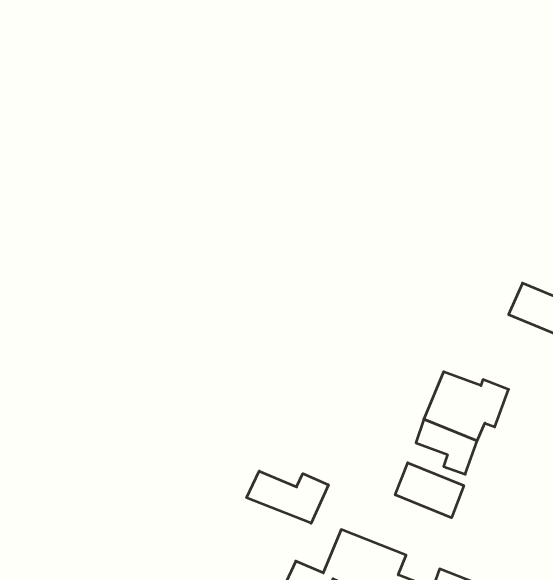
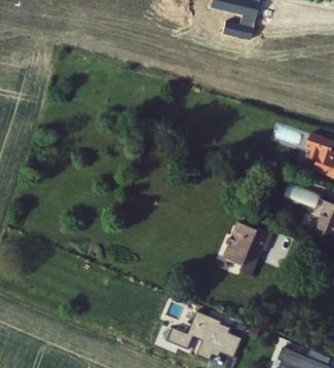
building: [395,463,464,518] -> none
building: [247,471,328,523] -> none

